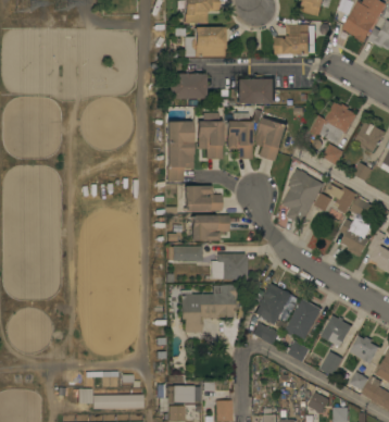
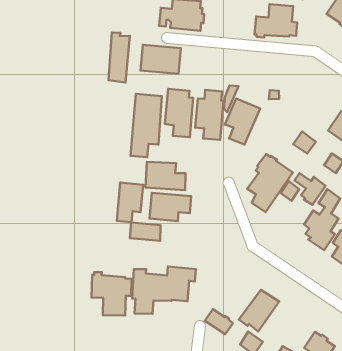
building: none -> [108,33,130,83]
building: [237,78,274,103] -> none
building: [310,102,356,144] -> none
building: none -> [117,183,143,222]
building: [211,253,247,280] -> none
building: [254,283,291,324] -> none
building: none -> [91,272,132,316]
building: [321,315,352,347] -> none

